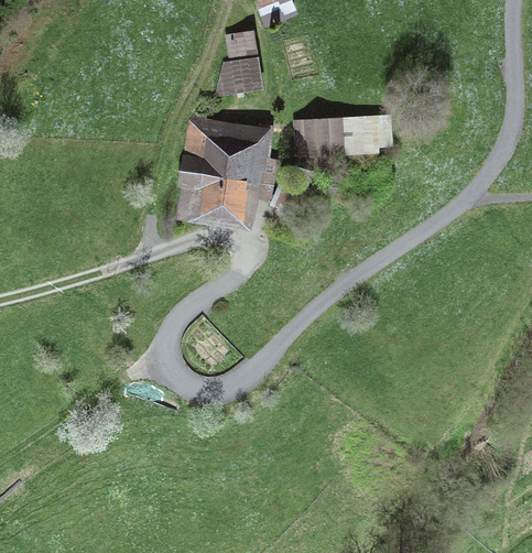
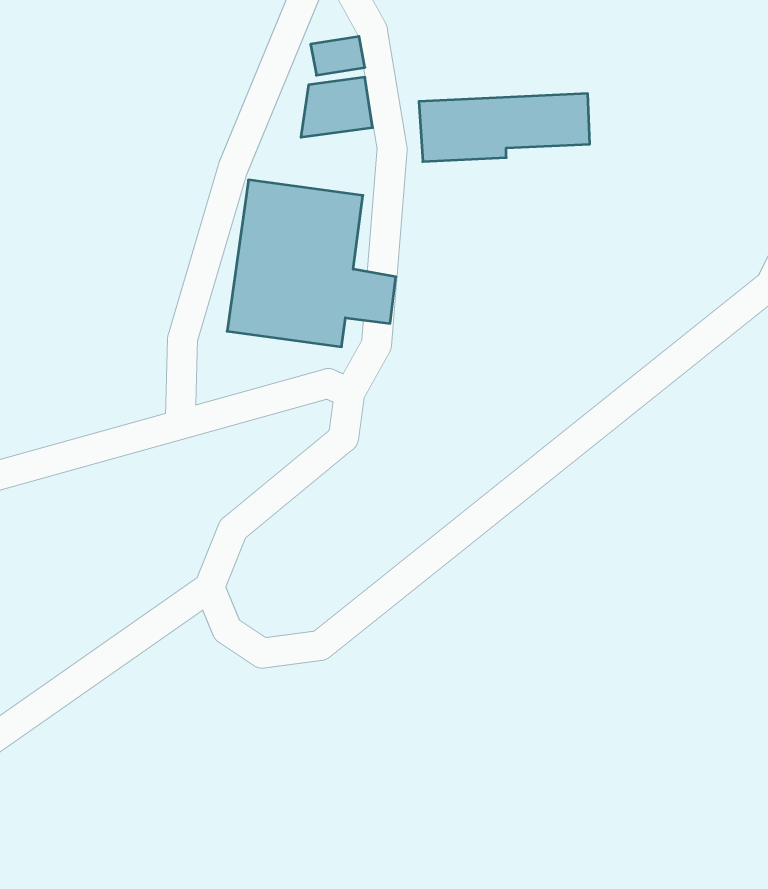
building: [294,116,391,154] -> [419,94,590,162]

